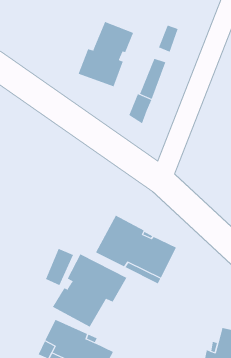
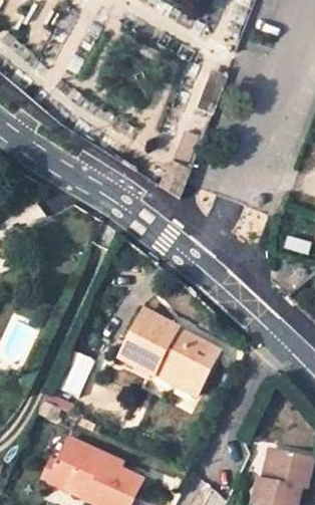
building: [78,21,134,87] -> none
building: [52,253,127,328] -> none

